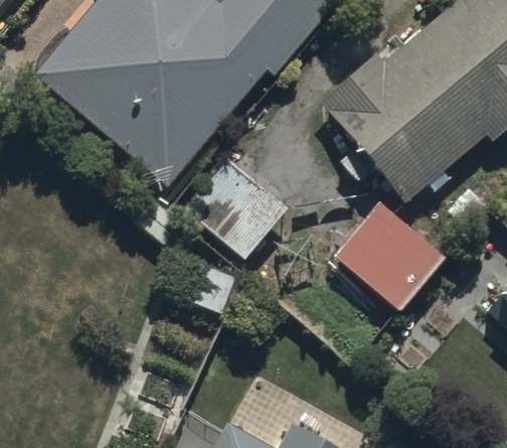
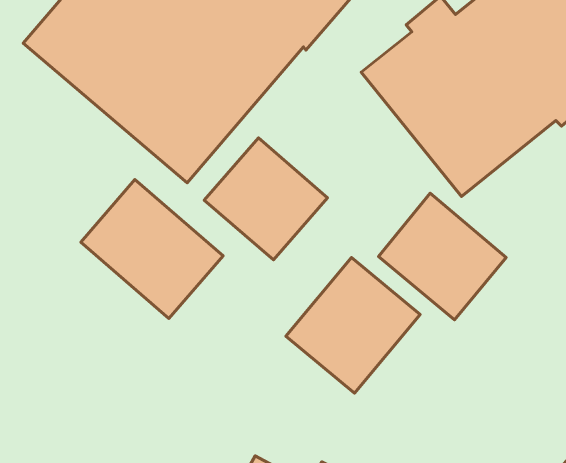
building: none -> [81,179,223,318]
building: none -> [286,257,420,393]

